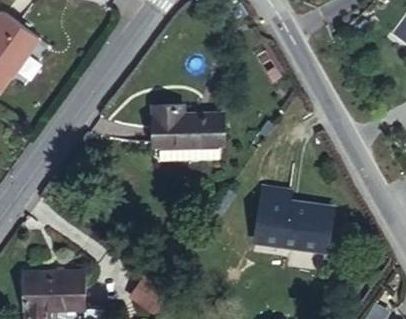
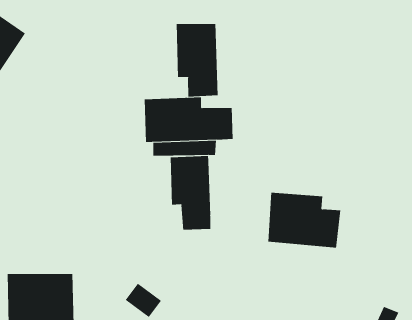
building: none -> [176,23,218,97]
building: none -> [170,155,211,230]

